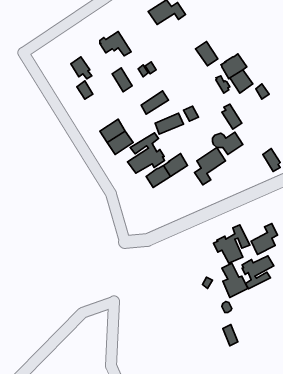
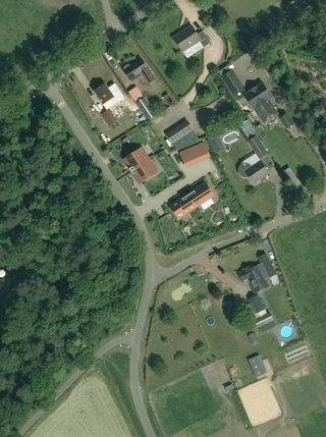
building: [128,133,165,173] -> none
building: [195,147,225,185] -> none
building: [251,223,278,254] -> none
building: [242,256,274,289] -> none

